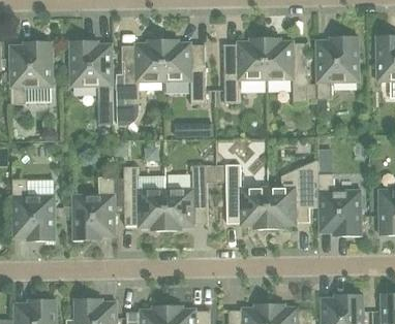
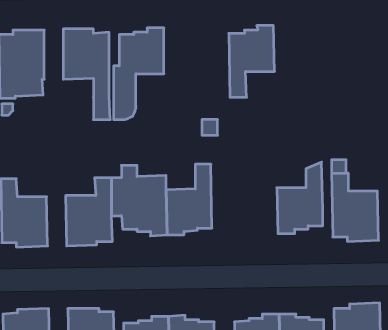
building: [315,36,358,99] -> none
building: [264,37,307,102] -> none
building: [162,39,205,103] -> none
building: [224,164,268,229] -> none

